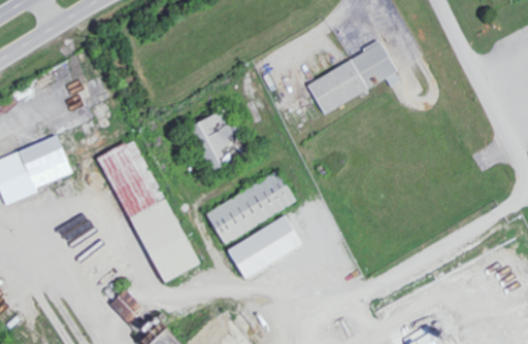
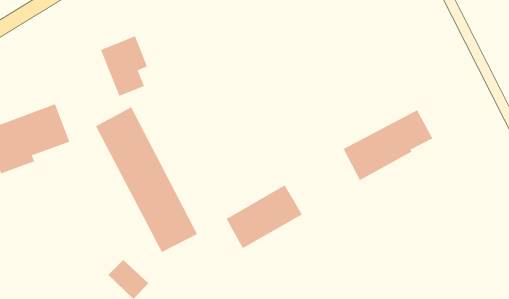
building: [306,42,396,113] -> [343,109,433,181]
building: [191,109,238,170] -> [100,35,148,97]
building: [203,170,296,244] -> none

